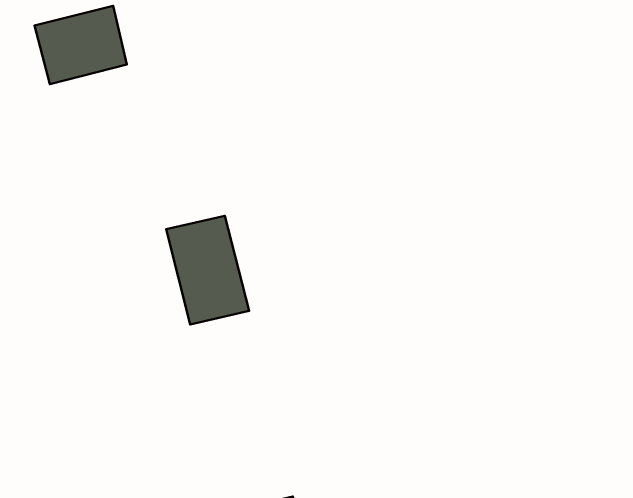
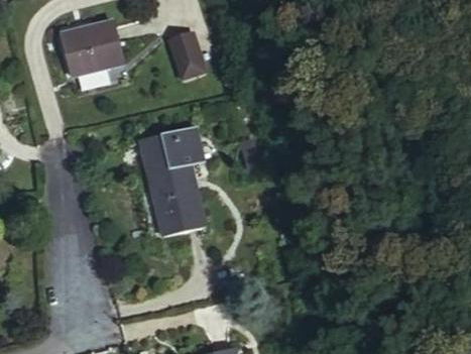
building: none -> [165,31,206,82]
building: none -> [140,127,202,170]

